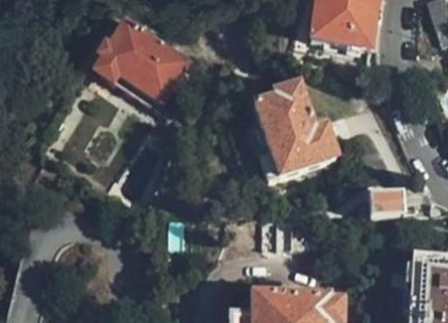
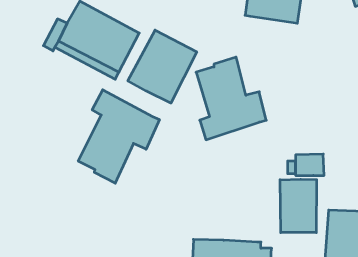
building: none -> [128,30,197,103]
building: none -> [78,90,159,183]
building: none -> [280,179,317,233]

